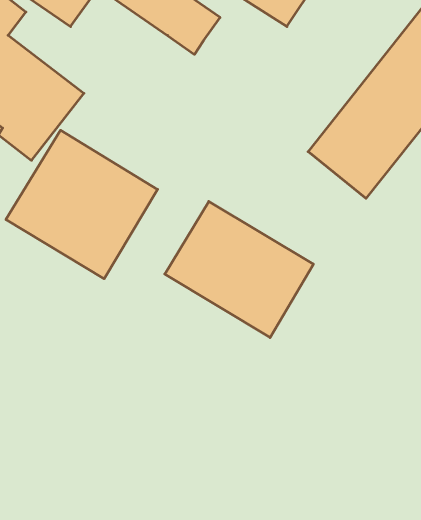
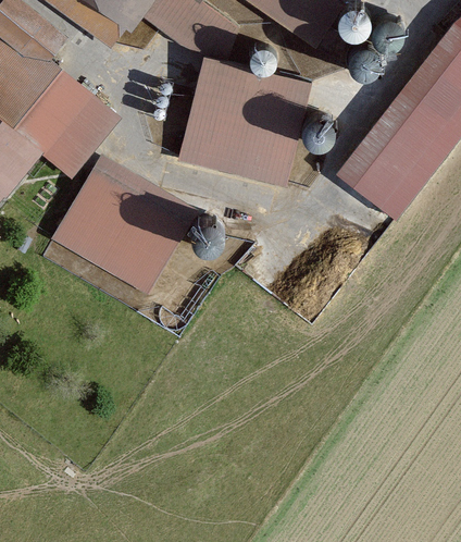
building: none -> [175,58,310,188]
building: [165,201,313,338] -> none

